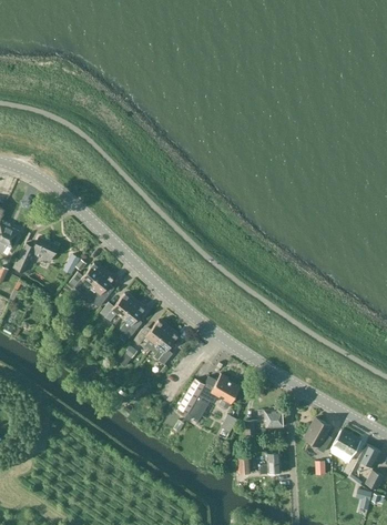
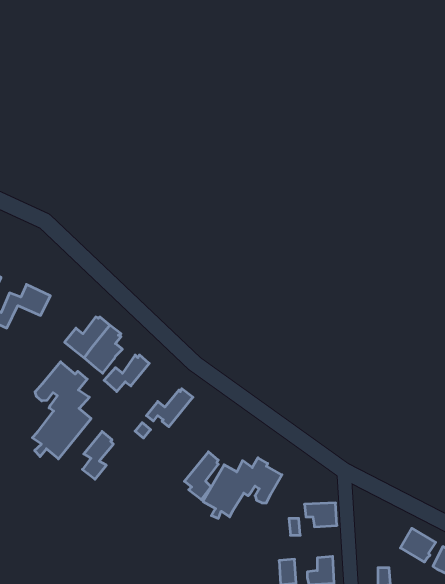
building: none -> [32,362,91,459]
building: [120,300,144,337] -> [82,431,113,479]
building: [151,326,177,364] -> [184,452,218,500]
building: [304,418,330,453] -> none

